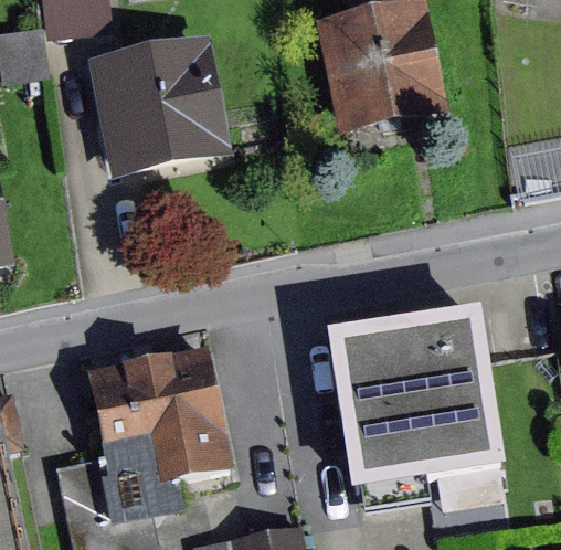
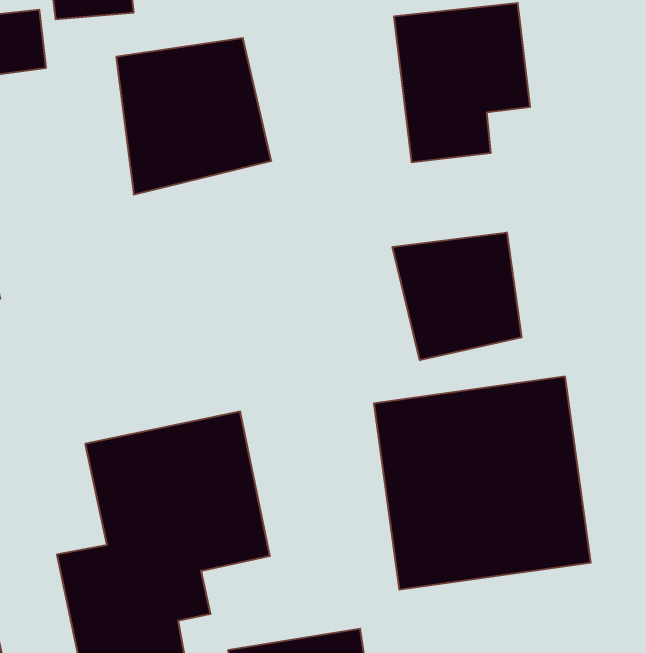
building: none -> [393,232,521,360]

